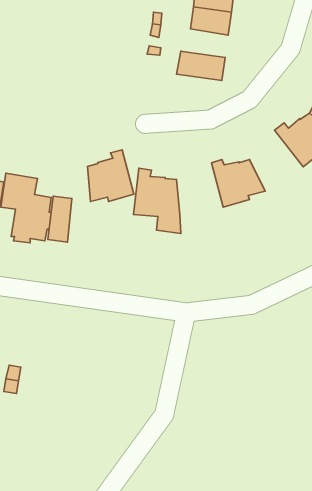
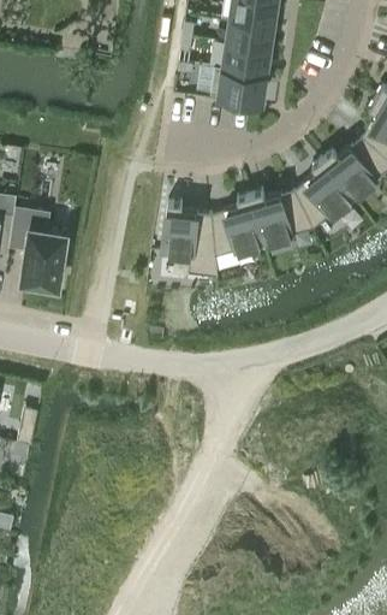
building: none -> [222,45,269,77]
building: none -> [293,160,355,230]
building: [87,150,134,201] -> [210,197,263,256]
building: [48,196,72,242] -> none

